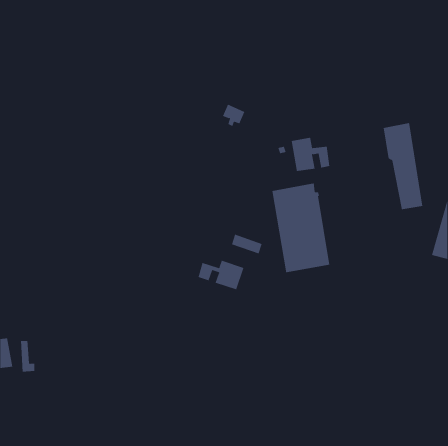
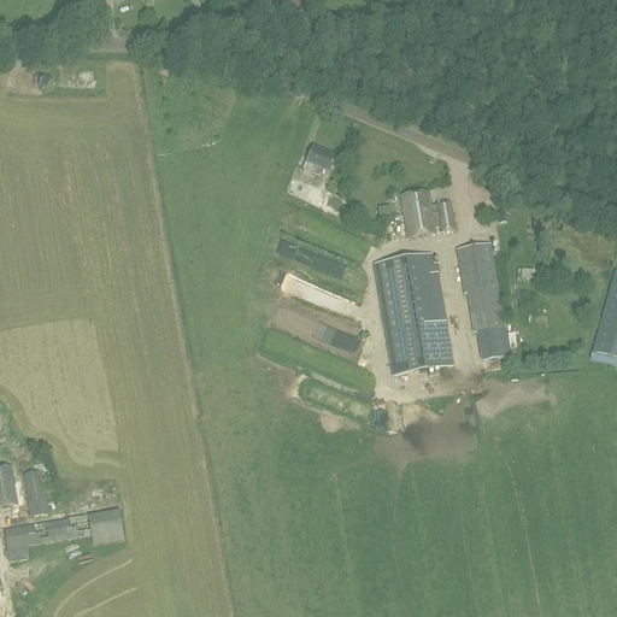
building: [383,123,423,210] -> [454,242,510,362]
building: [198,260,244,290] -> none
building: none -> [6,511,127,556]

